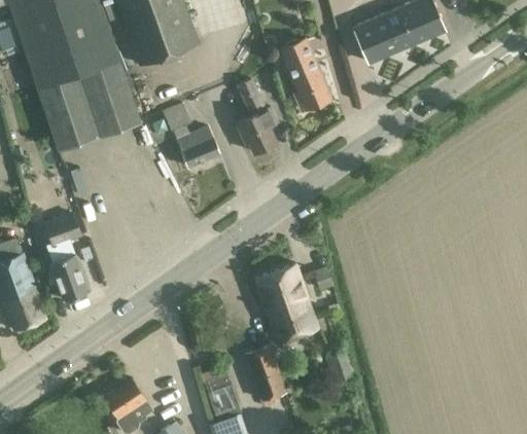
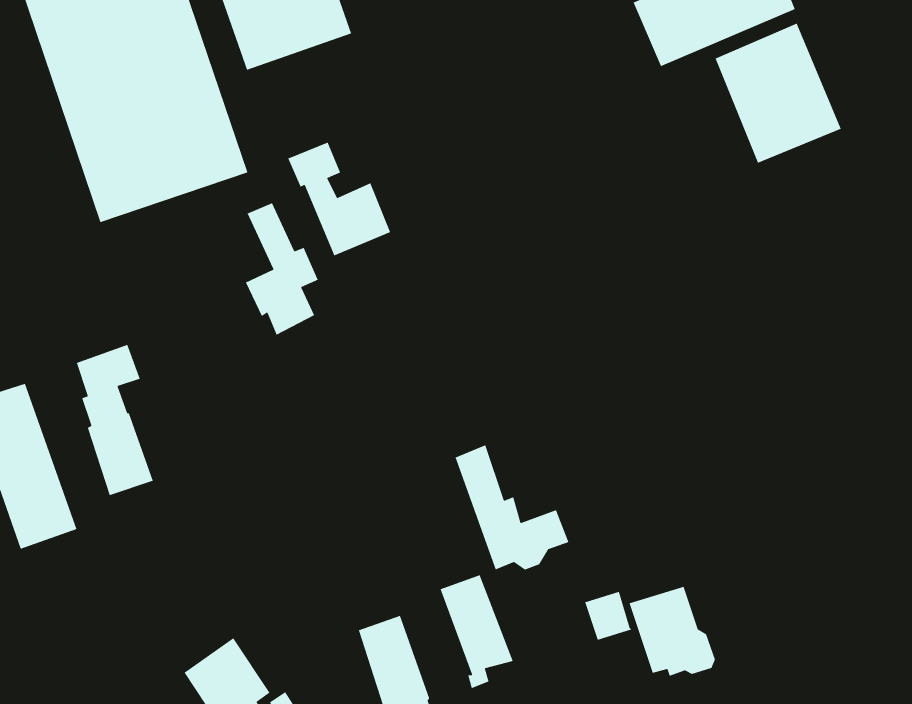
building: none -> [714,22,842,164]
building: [281,38,330,110] -> none
building: [237,79,278,153] -> [245,202,319,336]
building: [273,263,312,315] -> none
building: none -> [629,586,716,677]

